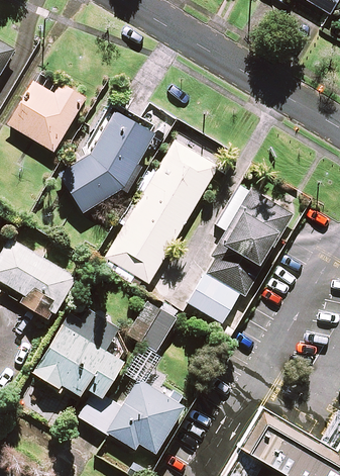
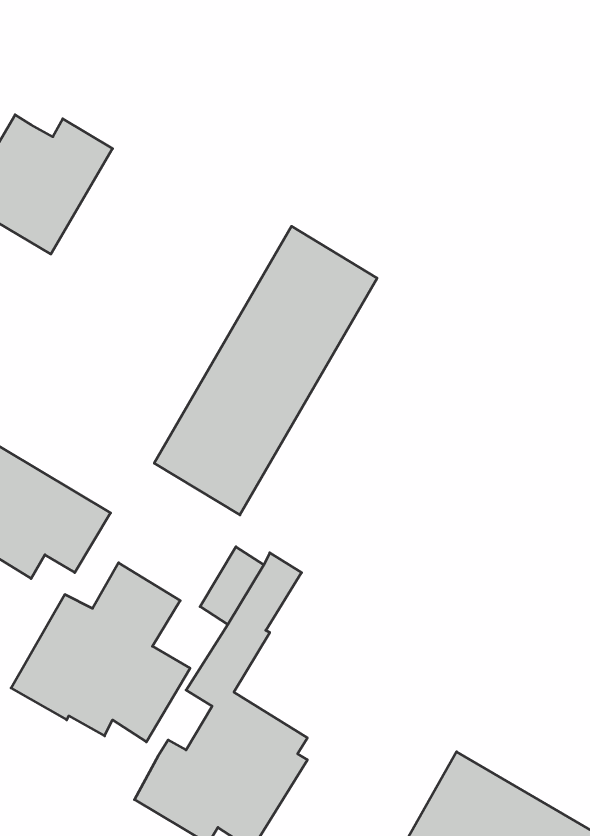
building: [56,111,153,214] -> none
building: [190,185,290,322] -> none

